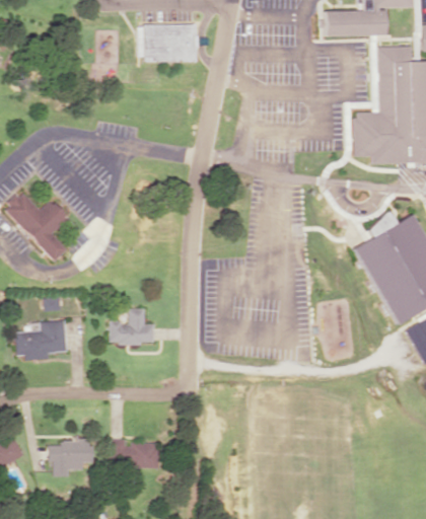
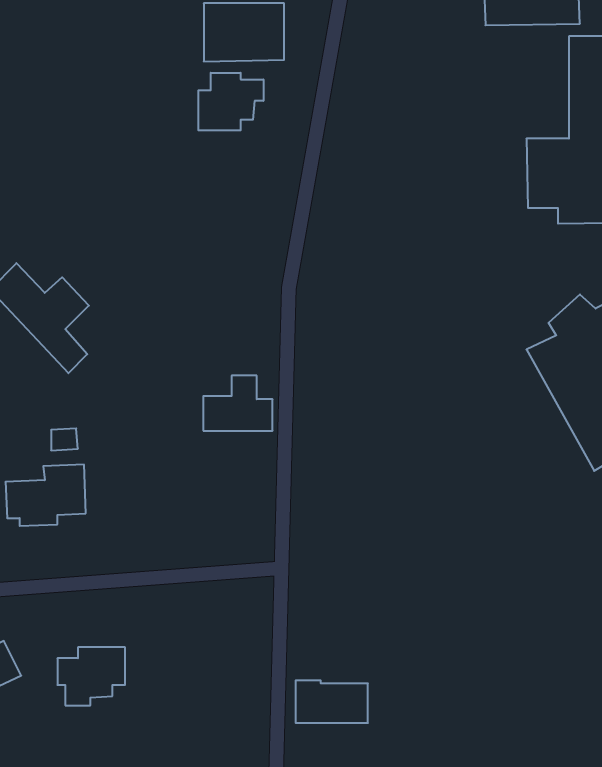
building: none -> [198,73,263,130]
building: [112,309,156,345] -> [203,376,273,431]
building: [114,441,160,468] -> [296,680,368,723]

